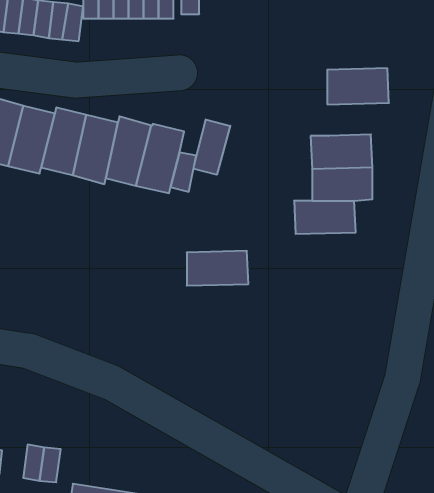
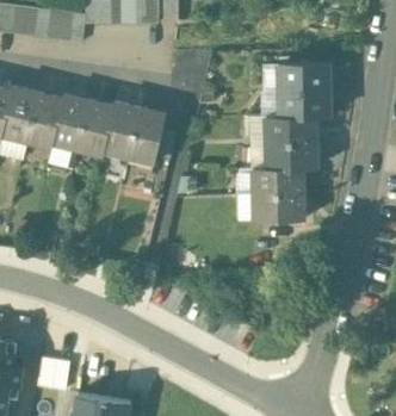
building: none -> [279,91,328,117]
building: [193,119,230,175] -> none
building: [187,251,248,286] -> [254,193,303,221]

